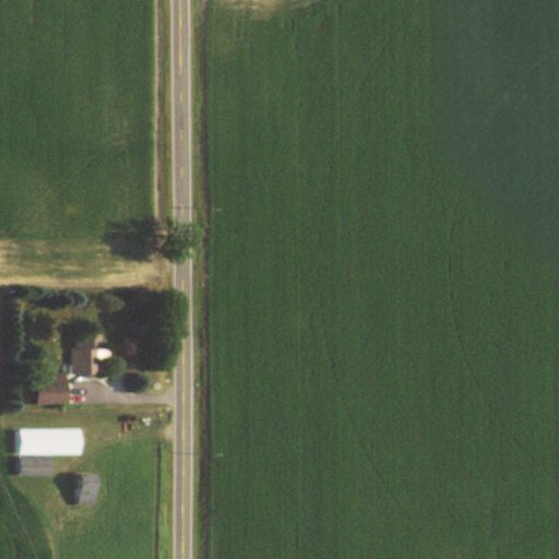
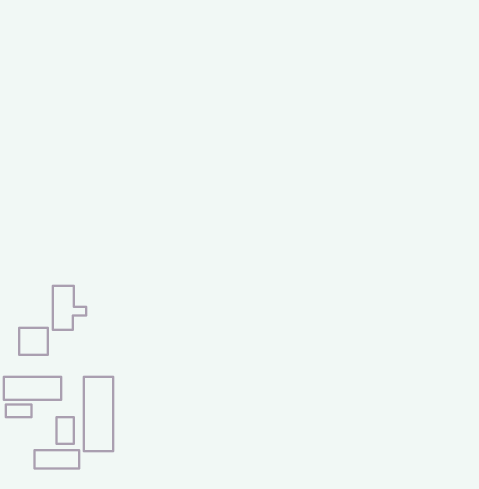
building: none -> [84,377,113,451]
building: none -> [34,450,79,468]

